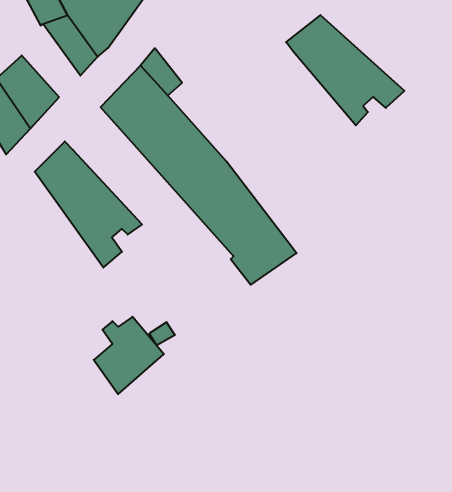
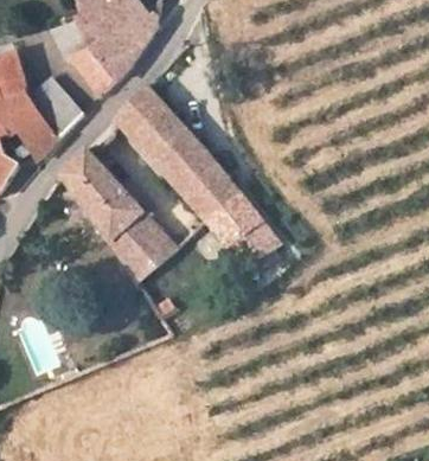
building: [286,15,404,125] -> none
building: [94,317,164,394] -> [117,217,175,281]

